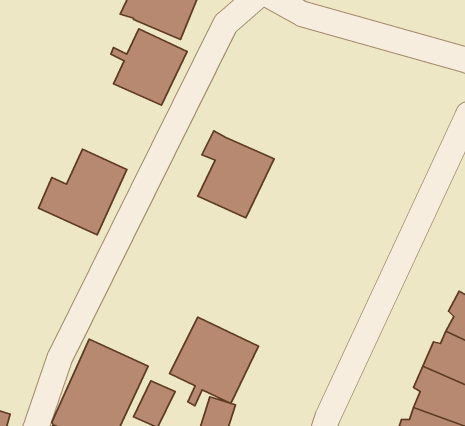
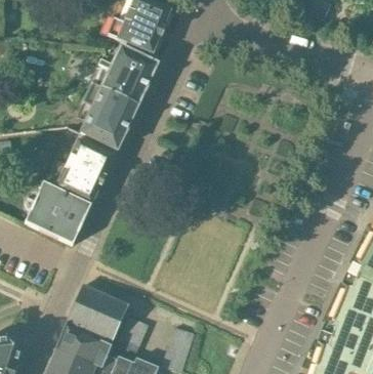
building: [198,131,274,218] -> [81,83,139,150]
building: none -> [26,183,90,244]
building: [169,317,259,406] -> none

